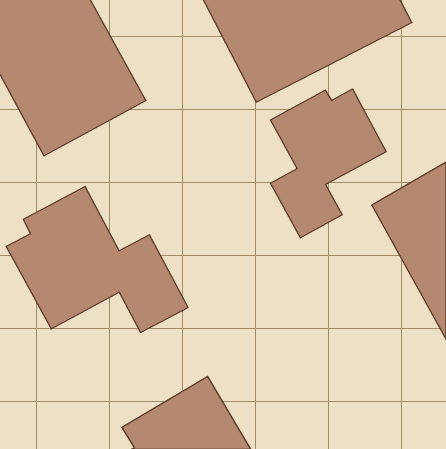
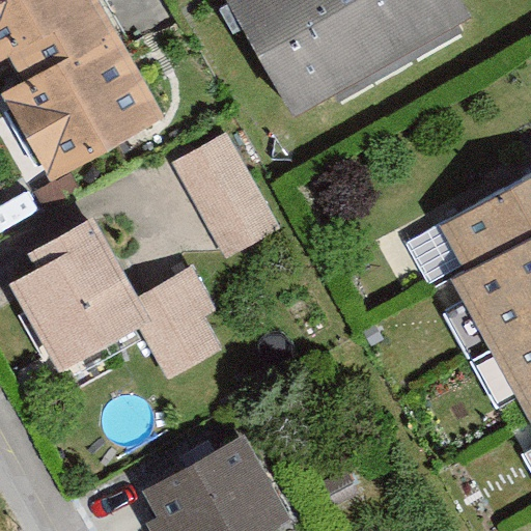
building: [270,89,386,238] -> none
building: none -> [165,128,272,254]

